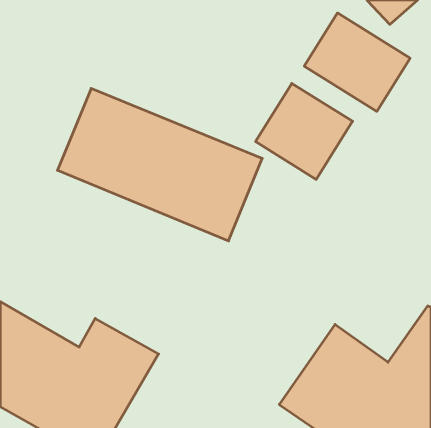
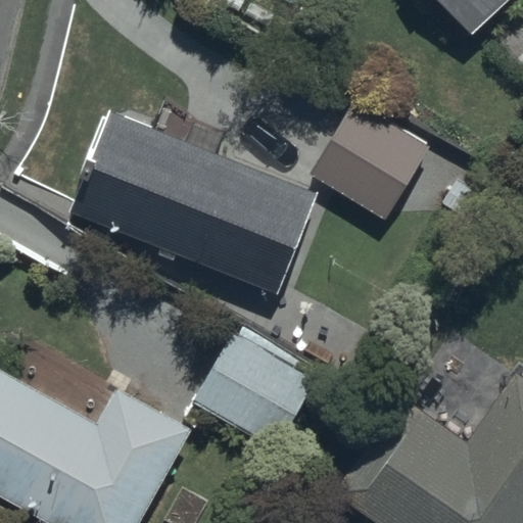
building: [304,13,410,111] -> none
building: none -> [192,331,318,450]

